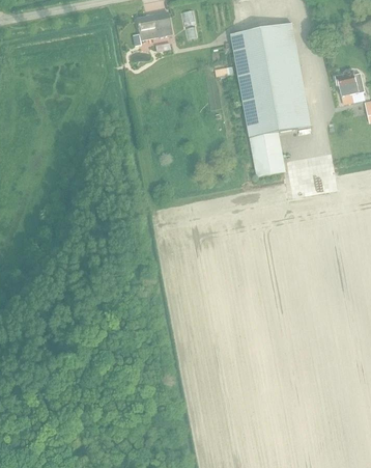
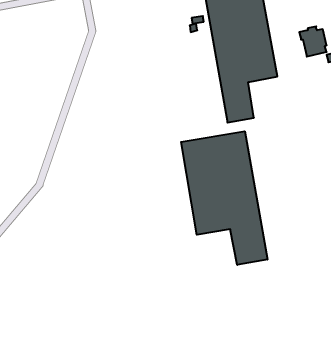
building: none -> [181,131,267,265]

